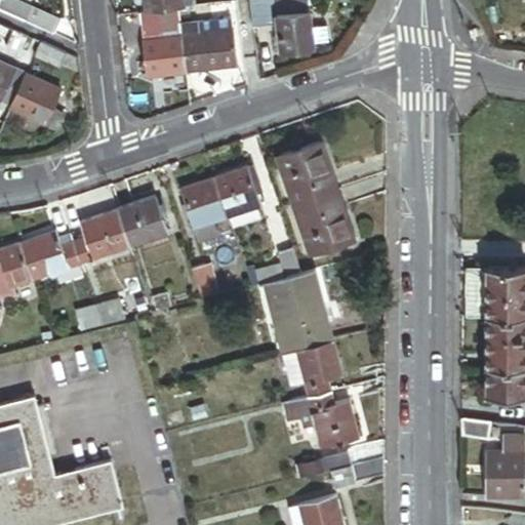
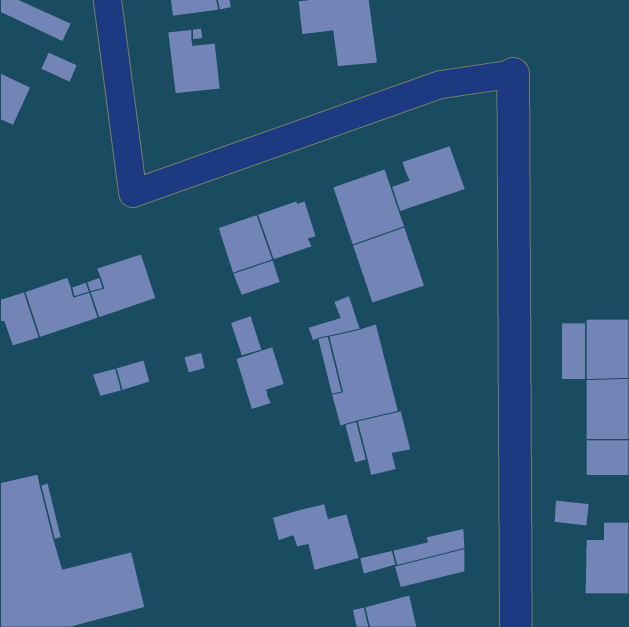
building: [178,21,235,74] -> none
building: [9,73,64,129] -> none
building: none -> [391,145,465,212]
building: [118,198,169,248] -> none
building: none -> [236,347,285,410]
building: [286,391,359,446] -> [272,504,359,570]

